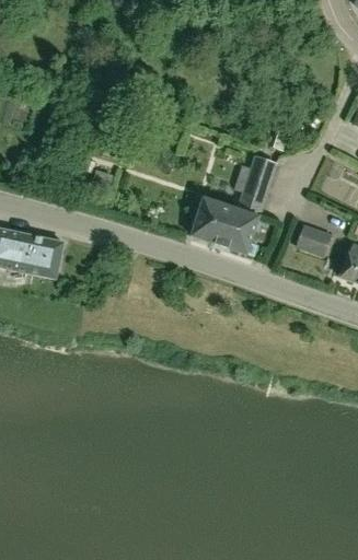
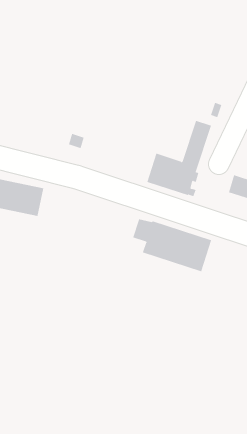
building: none -> [132,218,212,272]

